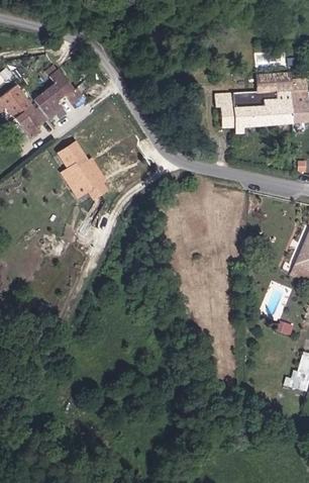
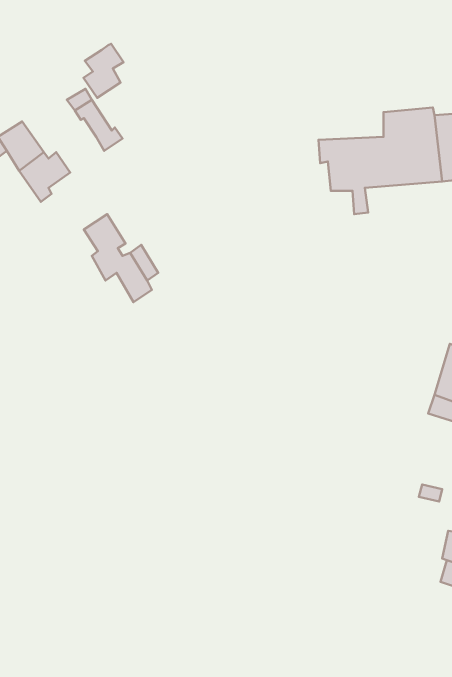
building: [43,84,70,119] -> [83,44,124,98]

